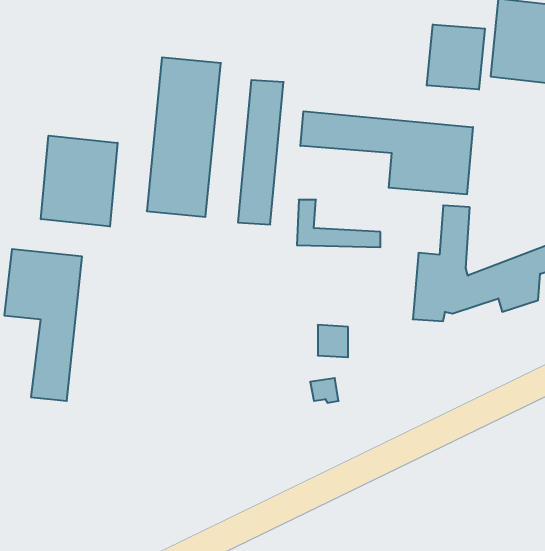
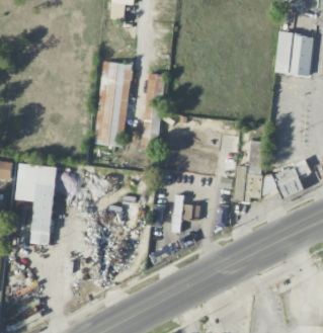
building: [427,24,485,90] -> none
building: [300,111,473,194] -> none
building: [41,136,118,227] -> none

